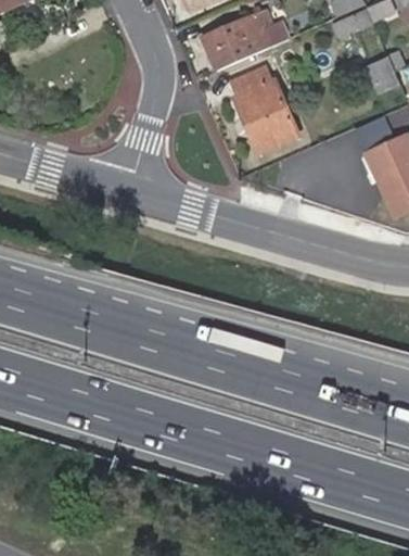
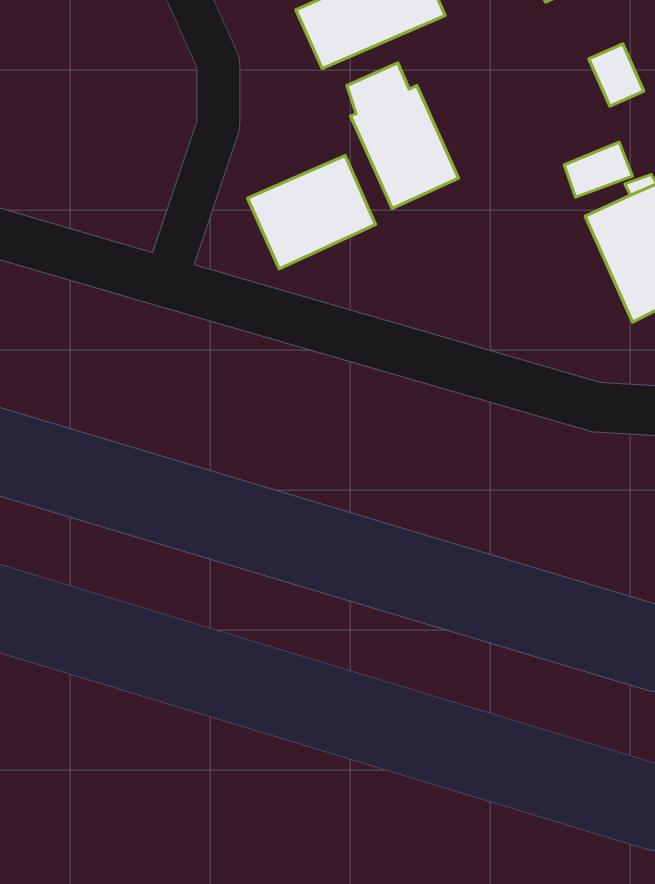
building: none -> [247,156,375,269]

